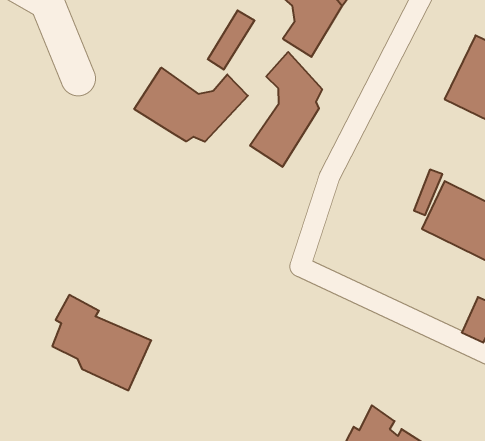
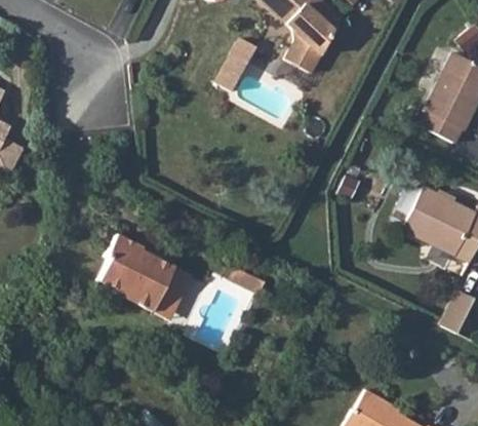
building: [250,52,322,167] -> none
building: [134,68,248,142] -> none
building: [52,295,151,390] -> [103,229,192,315]

